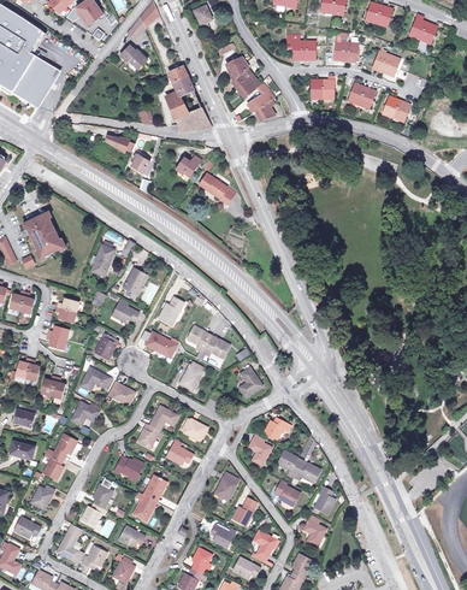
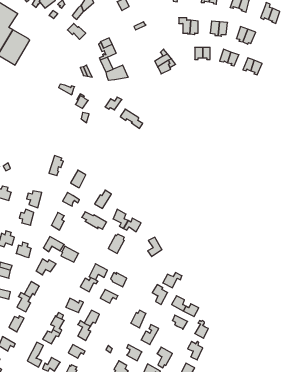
building: [226,57,260,96] -> none
building: [25,212,65,259] -> none

